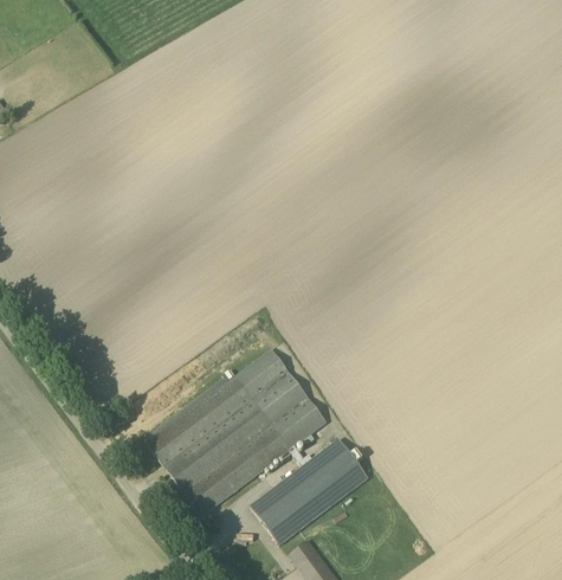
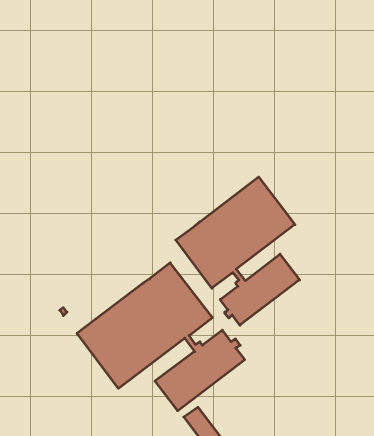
building: none -> [176,177,300,325]

